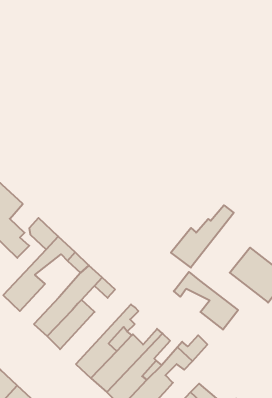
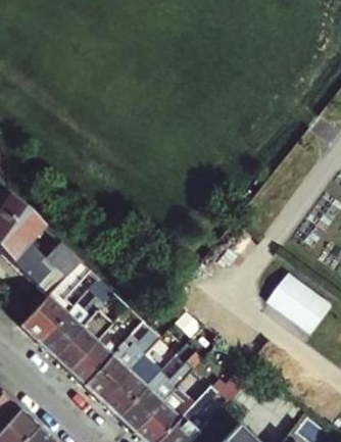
building: [171,205,234,268] -> none
building: [174,272,238,330] -> none
building: none -> [41,314,84,358]
building: none -> [85,332,162,402]

